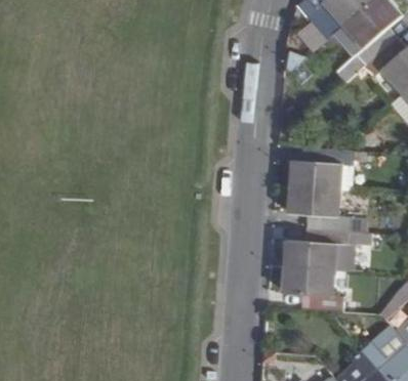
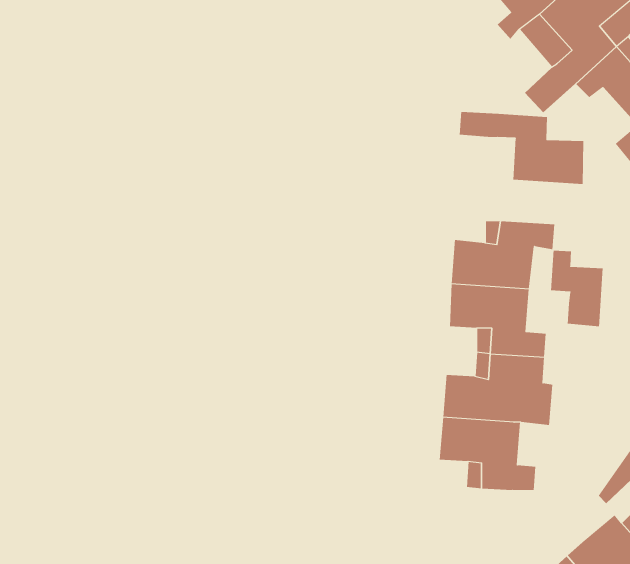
building: none -> [459,111,584,185]
building: none -> [551,250,603,327]

